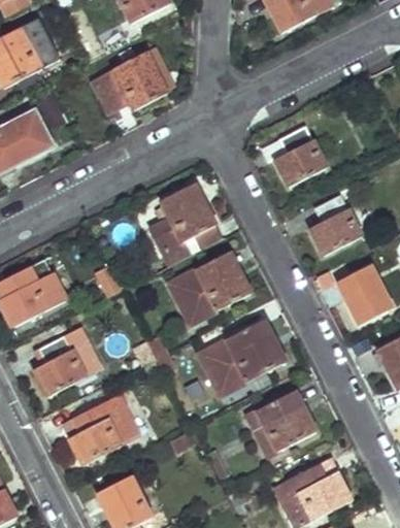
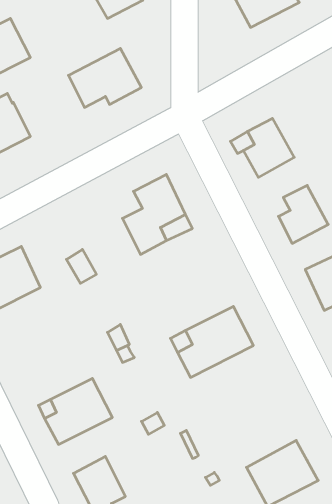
building: [169,252,251,324] -> none
building: [35,328,100,395] -> none
building: [248,390,316,455] -> none

